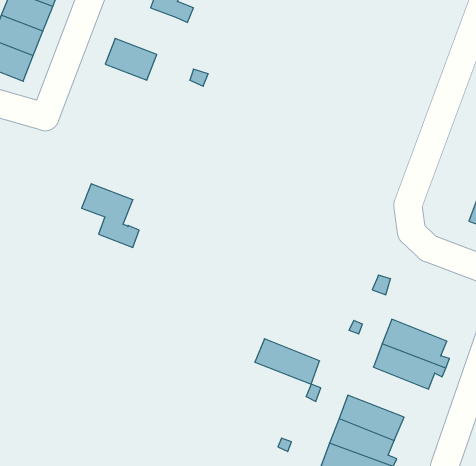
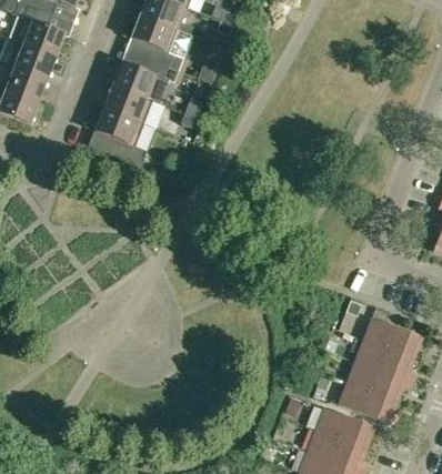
building: none -> [113,57,179,99]
building: [82,184,139,247] -> [96,108,148,165]
building: none -> [364,317,423,359]
building: [255,339,320,384] -> [339,382,398,423]

